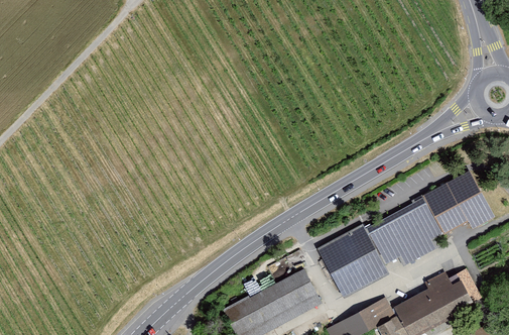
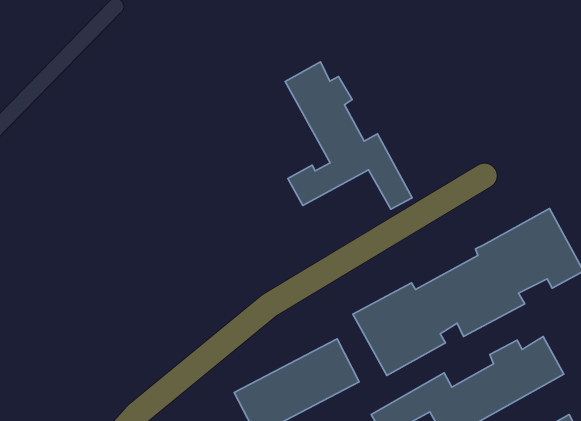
building: none -> [285,62,412,209]

